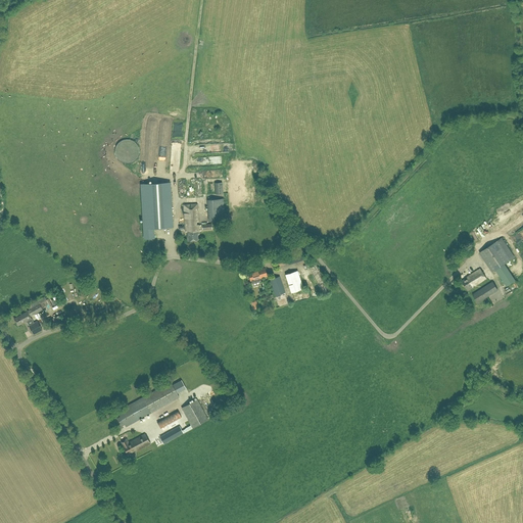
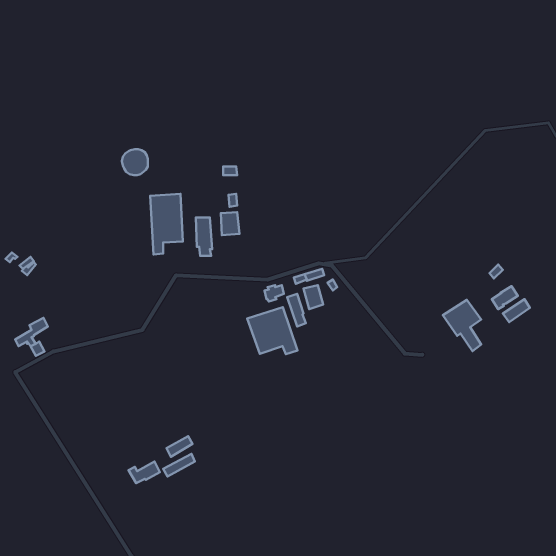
building: [479,238,515,286] -> [443,300,481,351]
building: none -> [247,307,298,354]
building: [117,382,179,427] -> none
building: [182,399,208,428] -> none

